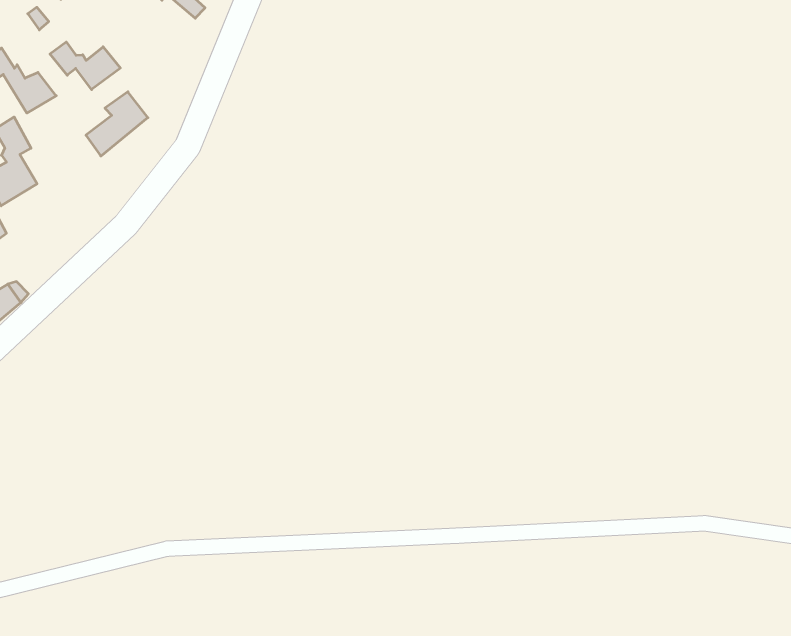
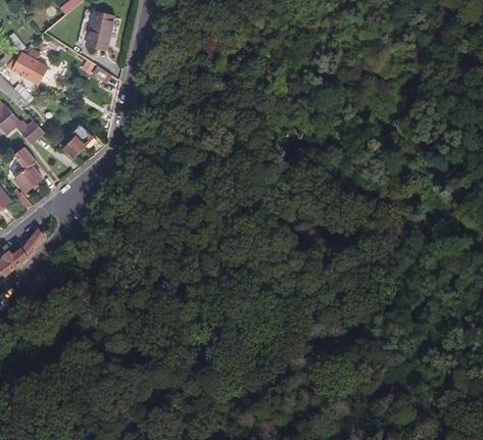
building: [50,42,120,90] -> none

